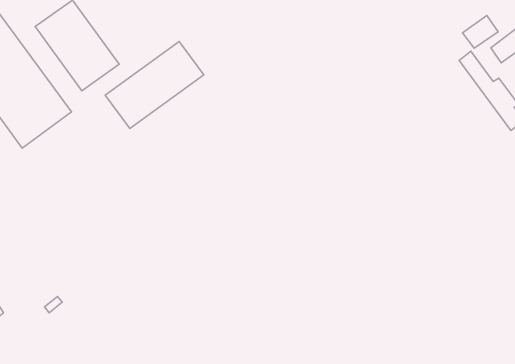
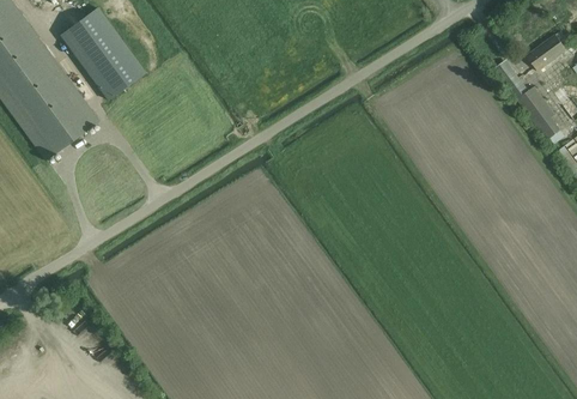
building: [463,15,498,48] -> none
building: [105,41,204,129] -> none

